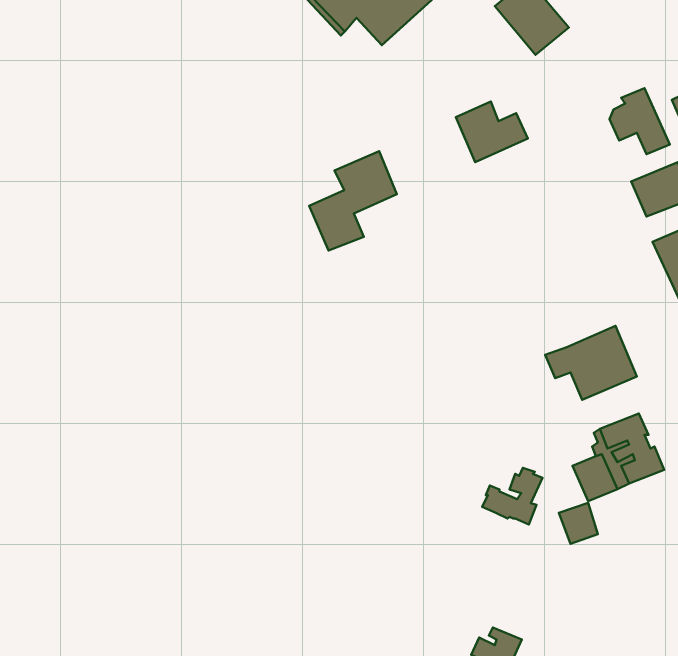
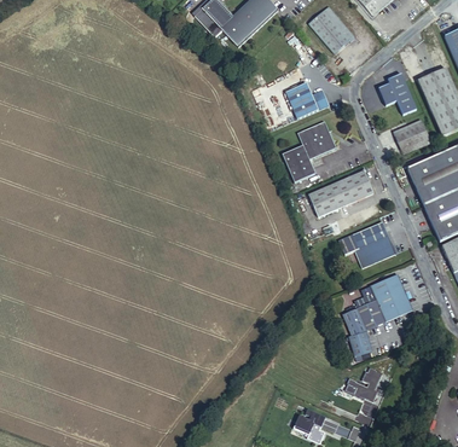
building: [309,151,397,251] -> [280,121,335,182]
building: none -> [308,170,373,216]
building: [482,468,542,524] -> [344,366,382,401]

